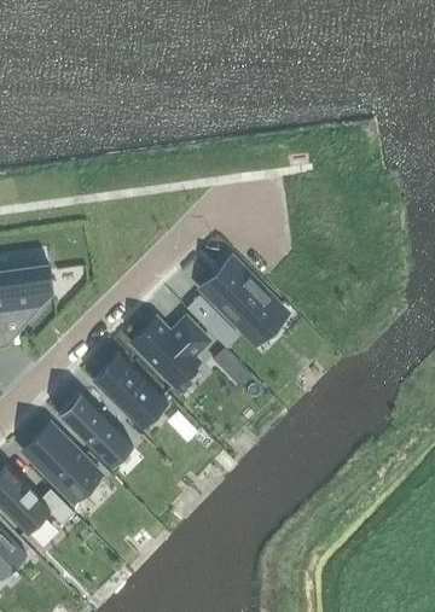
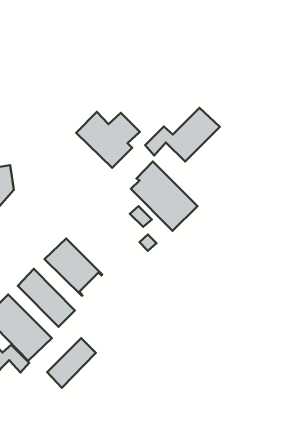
building: none -> [145,108,220,162]
building: [129,316,210,387] -> [76,112,140,168]
building: none -> [47,338,96,388]

